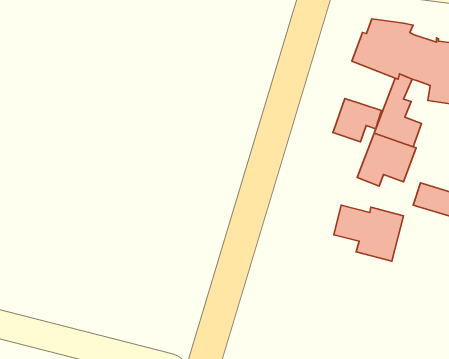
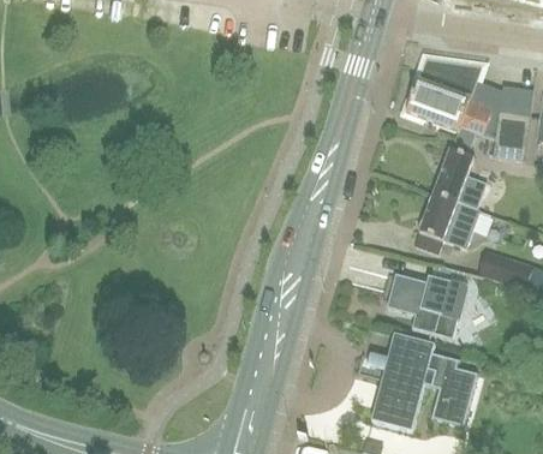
building: [333,99,382,142] -> none
building: none -> [365,331,478,430]

